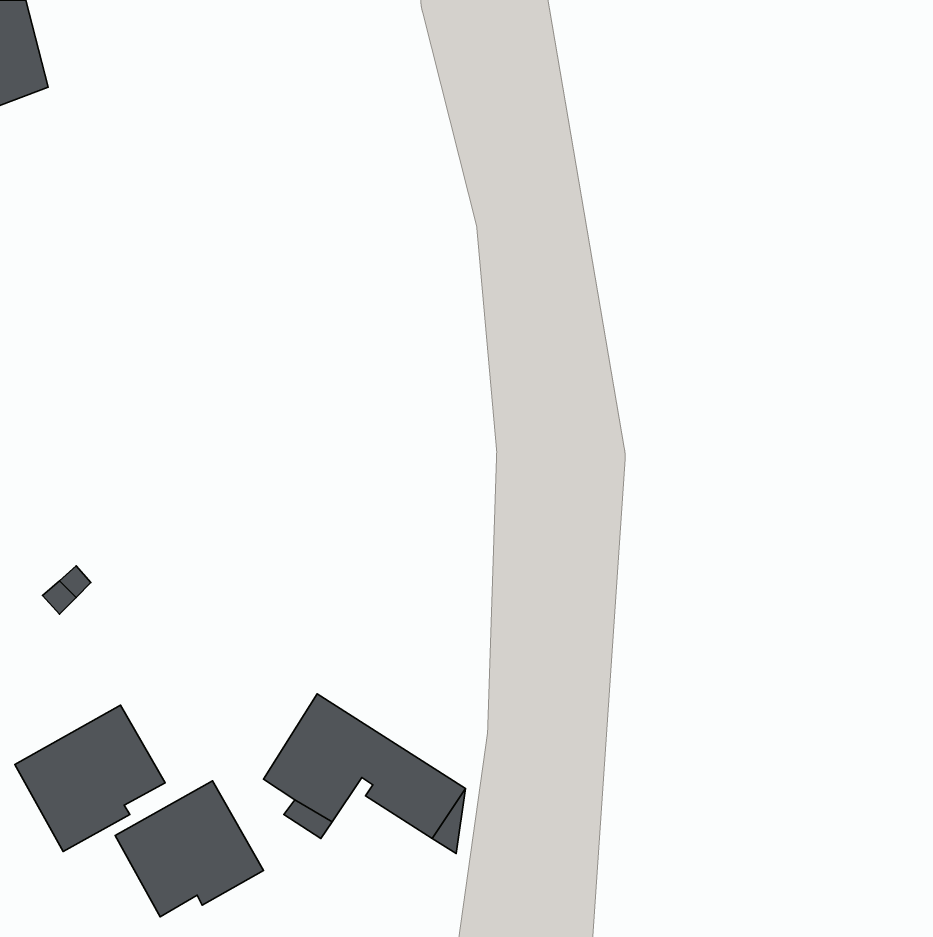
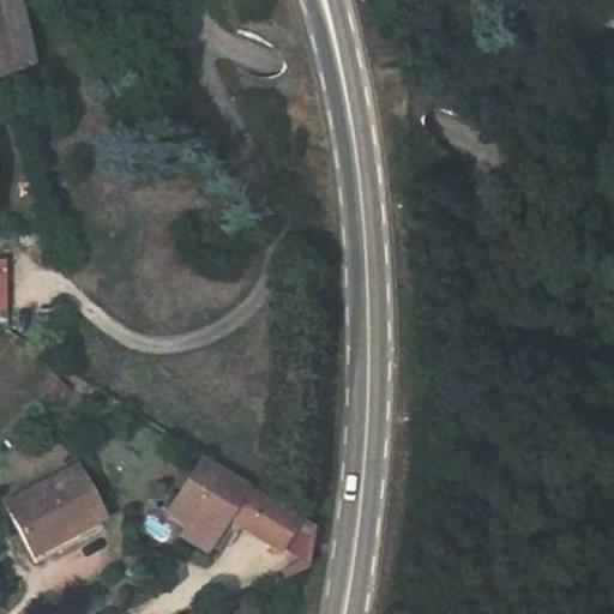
building: [115,781,263,917] -> none

